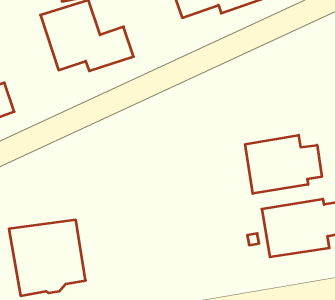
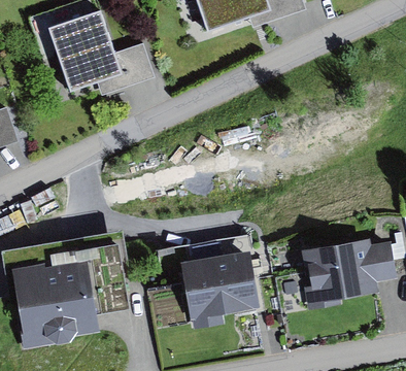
building: [245,135,322,194] -> none
building: none -> [181,251,261,329]

